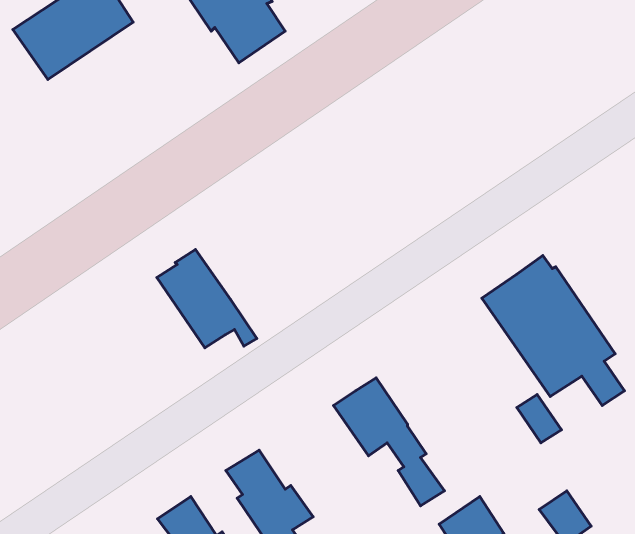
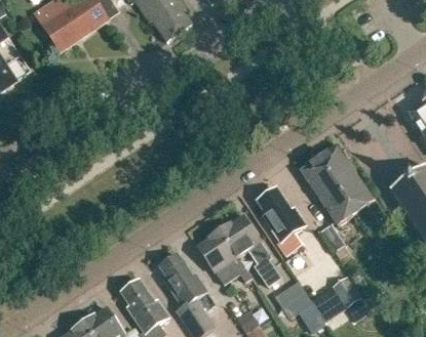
building: [157,250,257,348] -> [197,230,253,285]
building: none -> [258,188,305,256]

